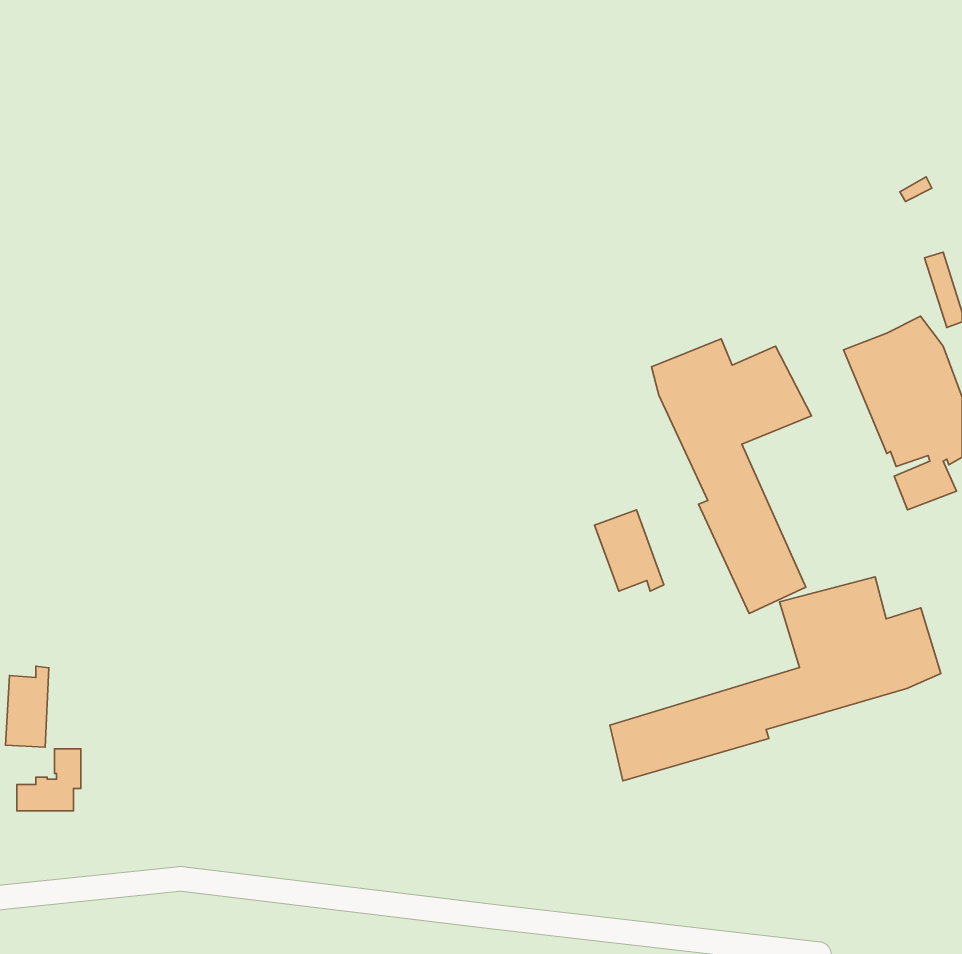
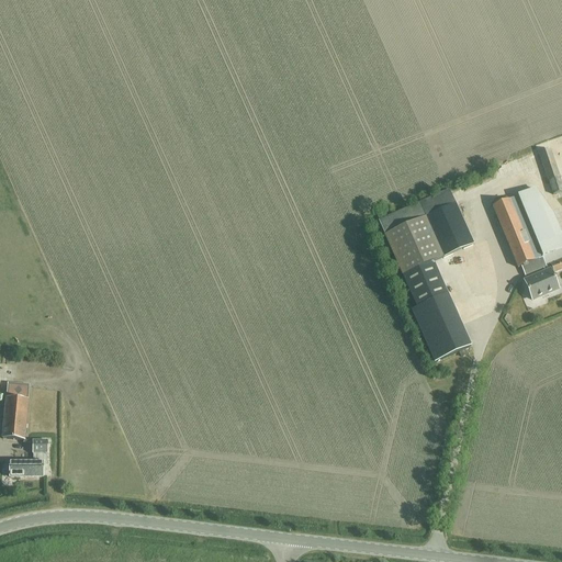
building: [594,510,664,591] -> none
building: [610,577,941,781] -> none

